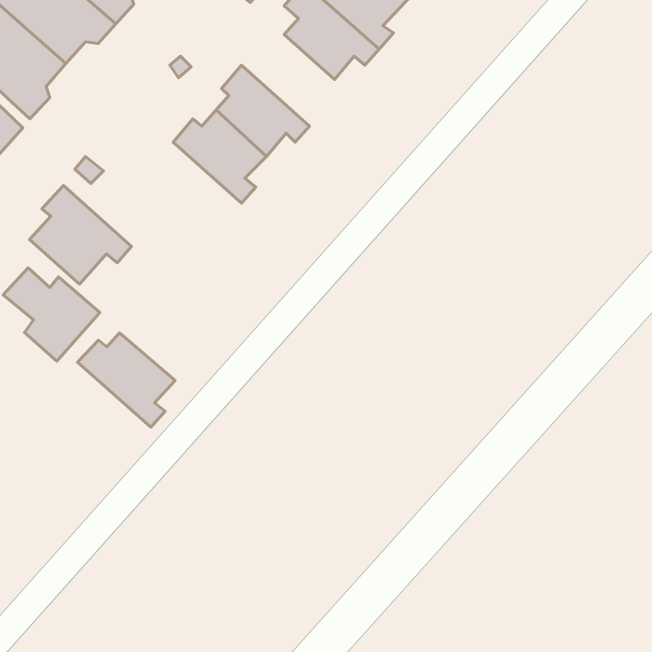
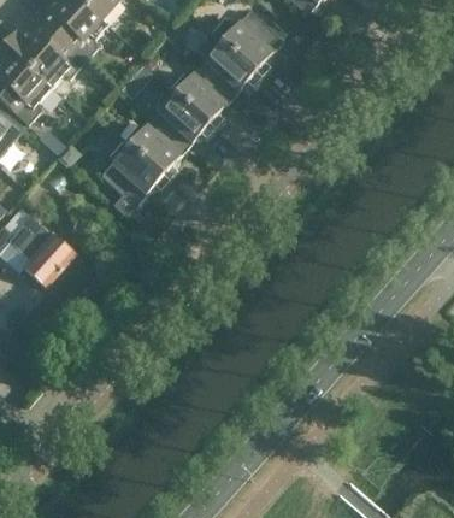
building: none -> [170,65,232,126]
building: [29,186,132,284] -> [101,137,170,204]
building: [78,333,175,427] -> none

